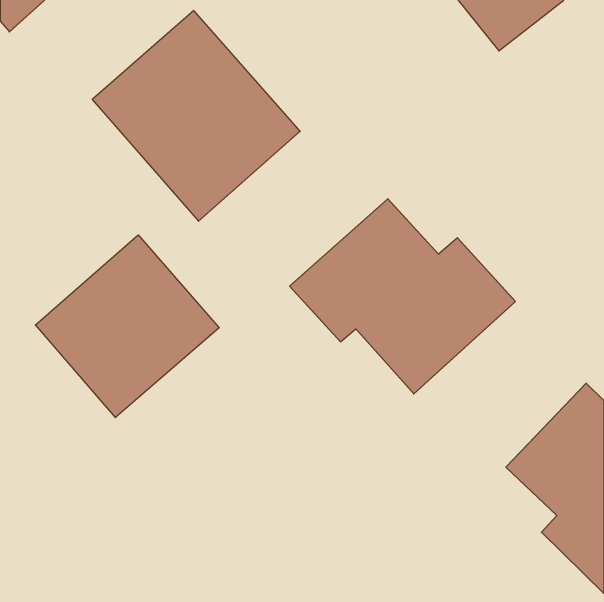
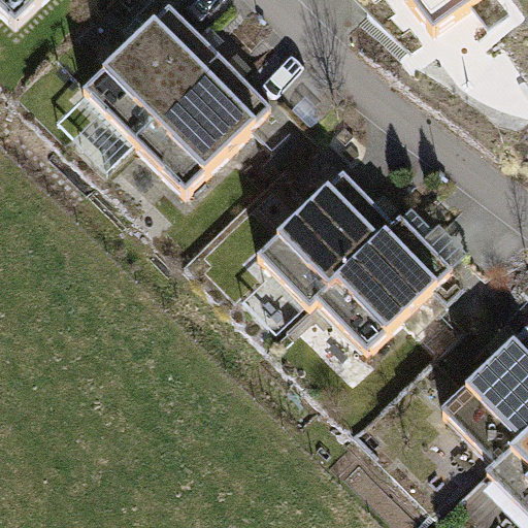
building: [35,235,219,418] -> none

